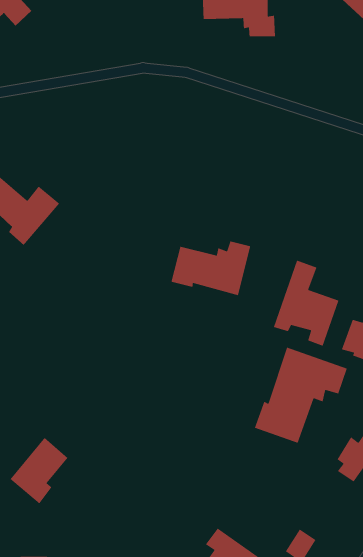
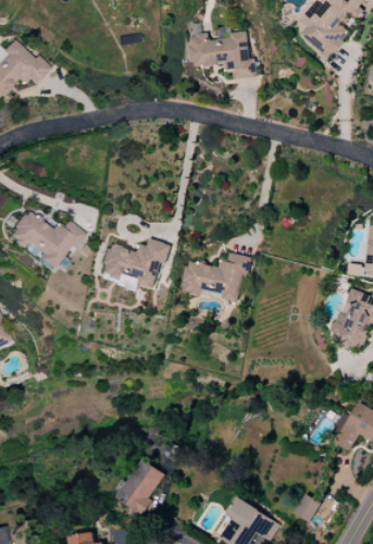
building: none -> [98,238,169,290]
building: [273,260,340,347] -> none
building: [254,346,348,444] -> none
building: [9,437,68,504] -> [115,458,164,516]

